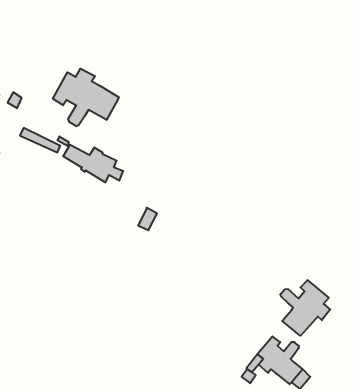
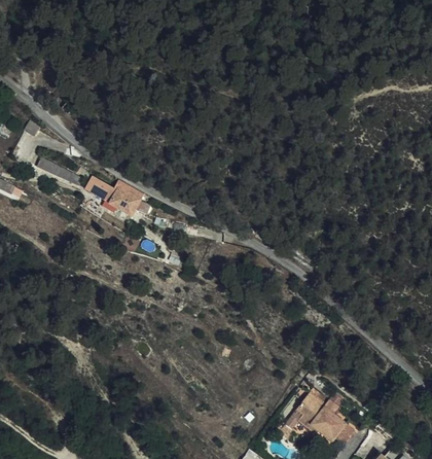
building: [53,69,119,126] -> none
building: [280,280,330,336] -> none

